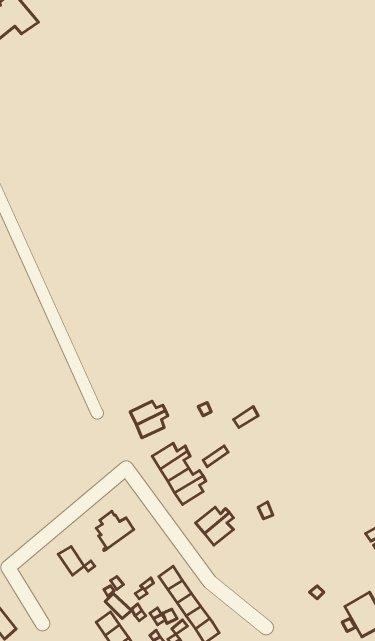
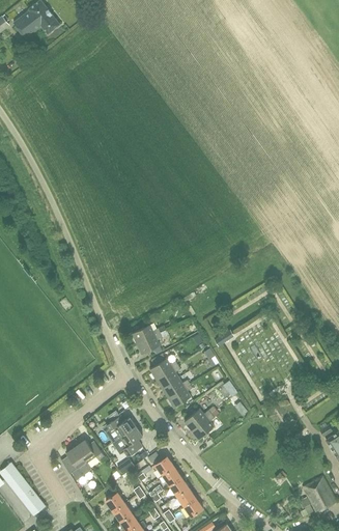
building: none -> [114,426,143,456]
building: none -> [61,446,91,478]

